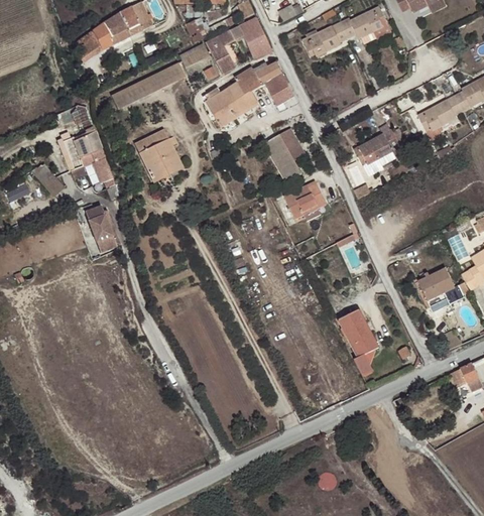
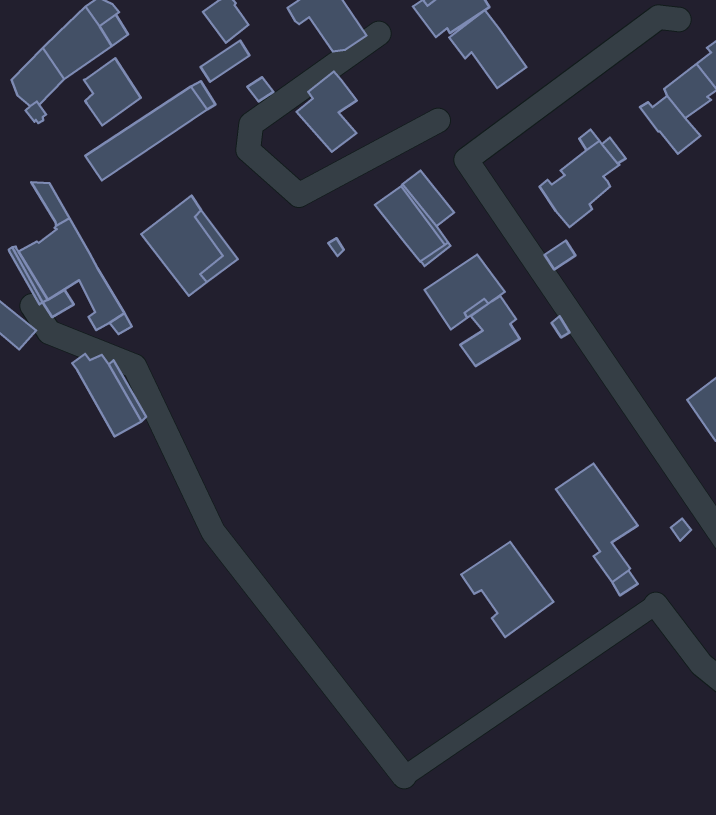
building: [206,29,237,75] -> none
building: none -> [84,58,141,125]
building: [255,61,295,106] -> [449,10,527,88]
building: [203,88,244,128] -> none
building: none -> [460,296,520,366]
building: none -> [461,542,554,637]

